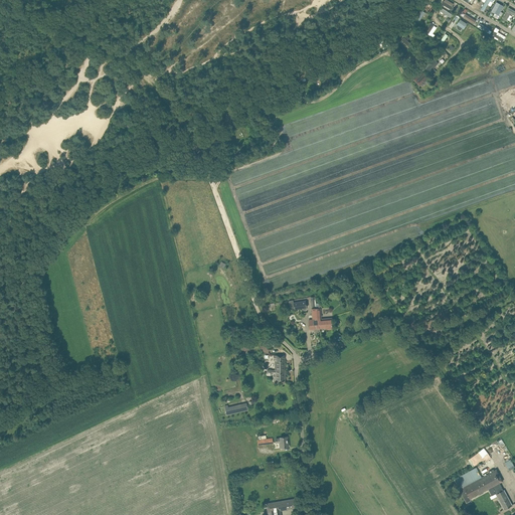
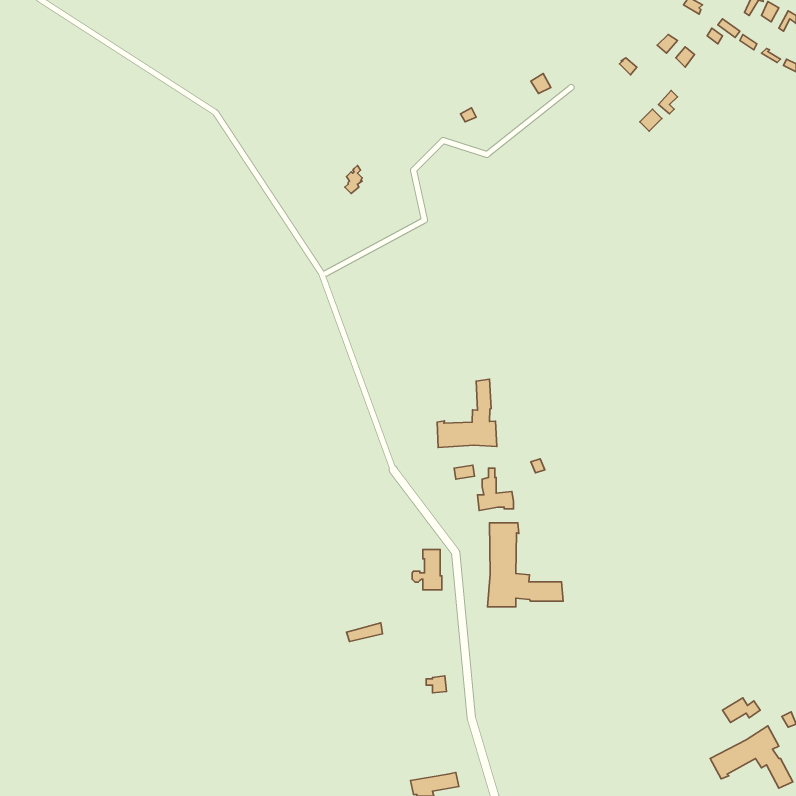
building: none -> [437,379,497,447]
building: none -> [488,523,563,607]

